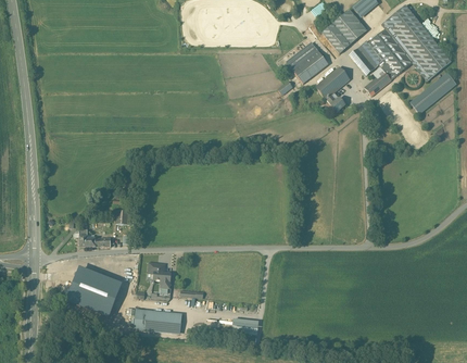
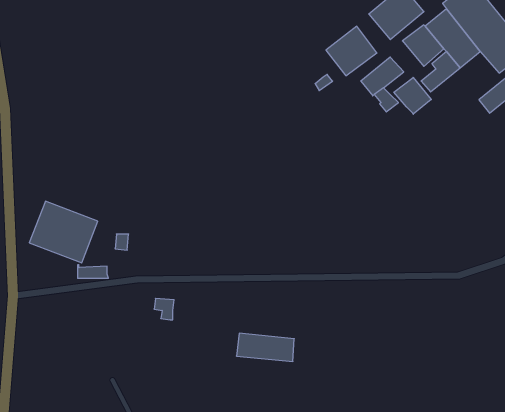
building: none -> [394,77,431,114]
building: [67,266,123,316] -> [29,201,98,263]
building: [135,309,181,331] -> [236,333,294,361]

